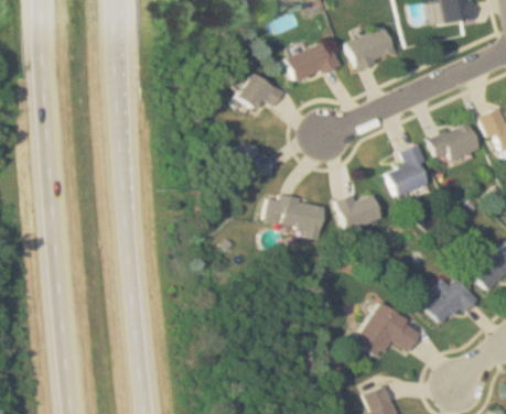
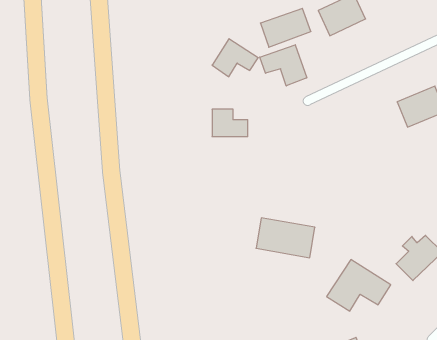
building: none -> [260,45,307,86]
building: [388,145,431,196] -> none
building: [336,193,381,230] -> none
building: [263,195,325,237] -> [256,218,315,258]

